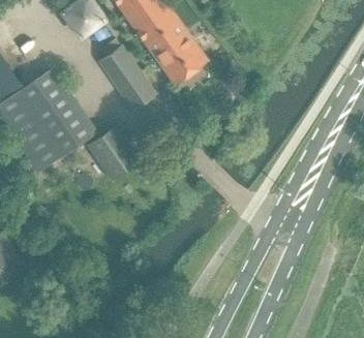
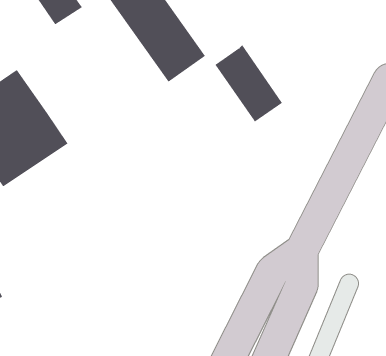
building: [98,44,156,111] -> [215,44,283,122]
building: [87,124,141,180] -> none

